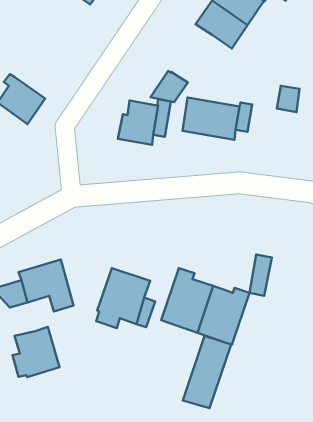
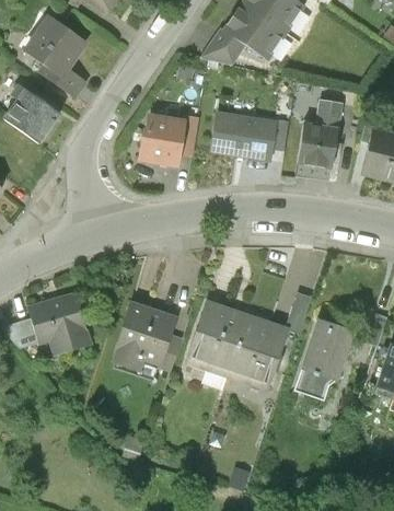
building: none -> [25,15,84,93]
building: [150,71,188,102] -> [202,28,244,63]
building: none -> [297,123,338,166]
building: [12,327,60,377] -> none
building: [183,336,231,408] -> [293,316,347,397]

